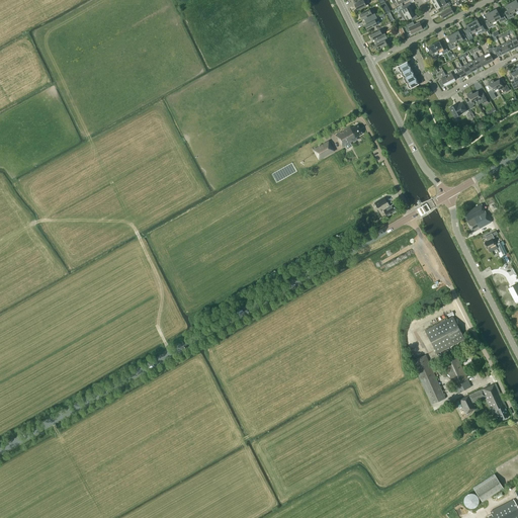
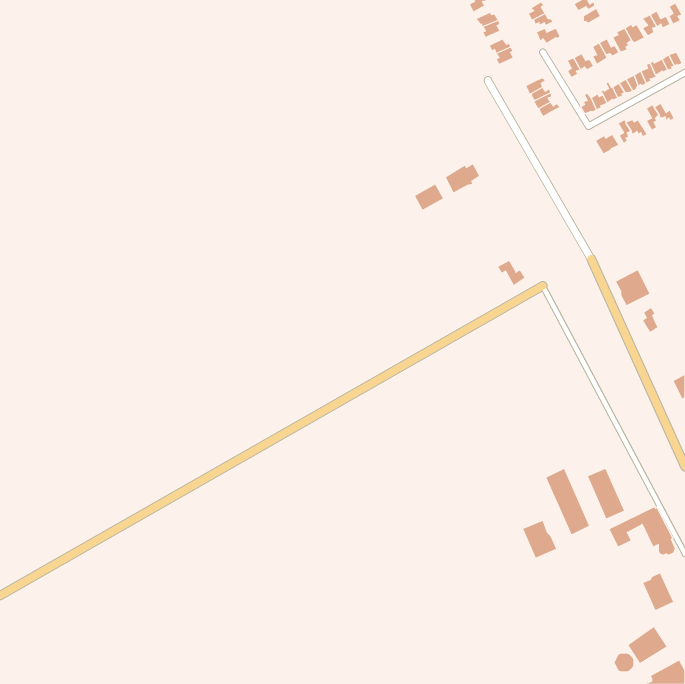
building: [425,315,464,352] -> none
building: none -> [522,520,557,559]
building: none -> [642,572,674,611]

